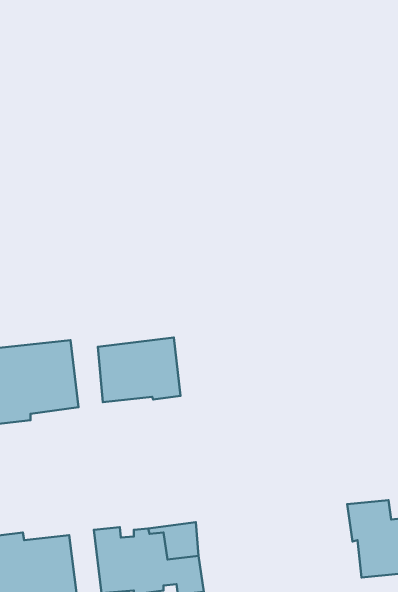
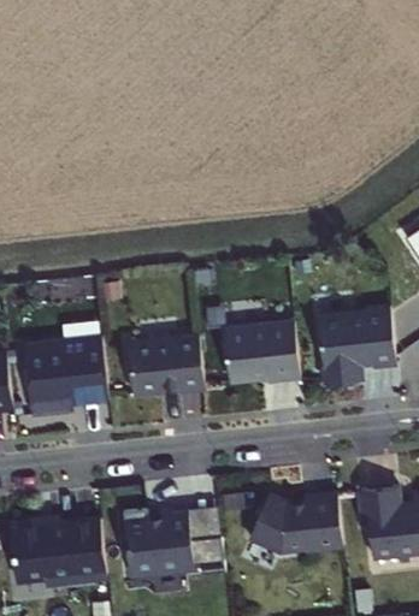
building: none -> [317,307,394,386]
building: none -> [223,324,299,384]
building: none -> [247,496,342,556]

